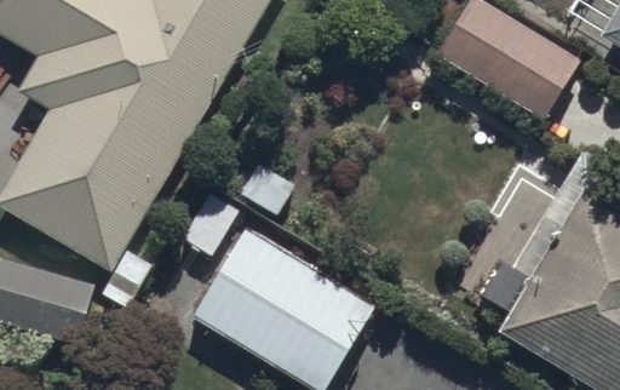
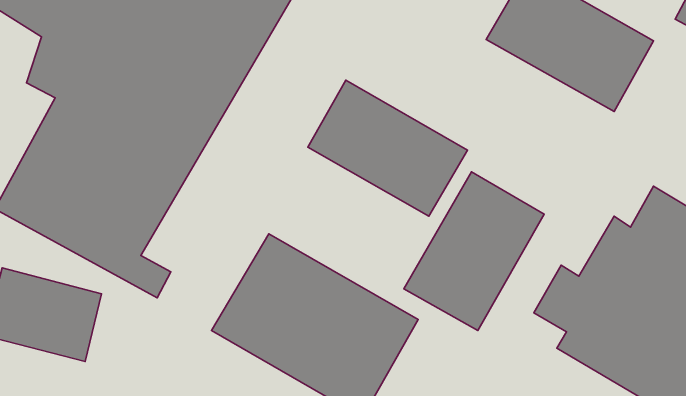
building: none -> [308,80,467,216]
building: none -> [404,172,544,331]

